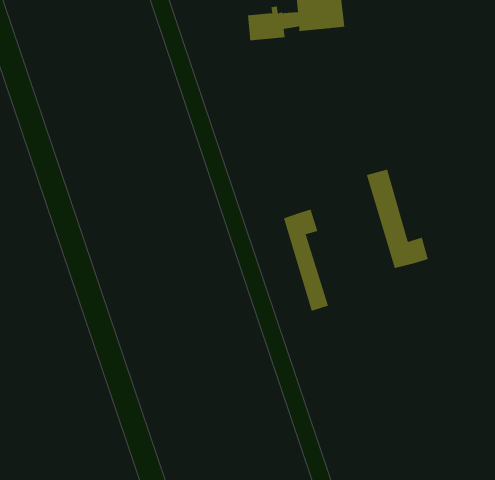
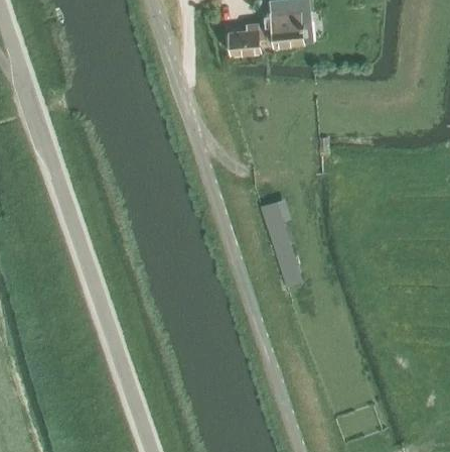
building: [366,169,429,269] -> none

